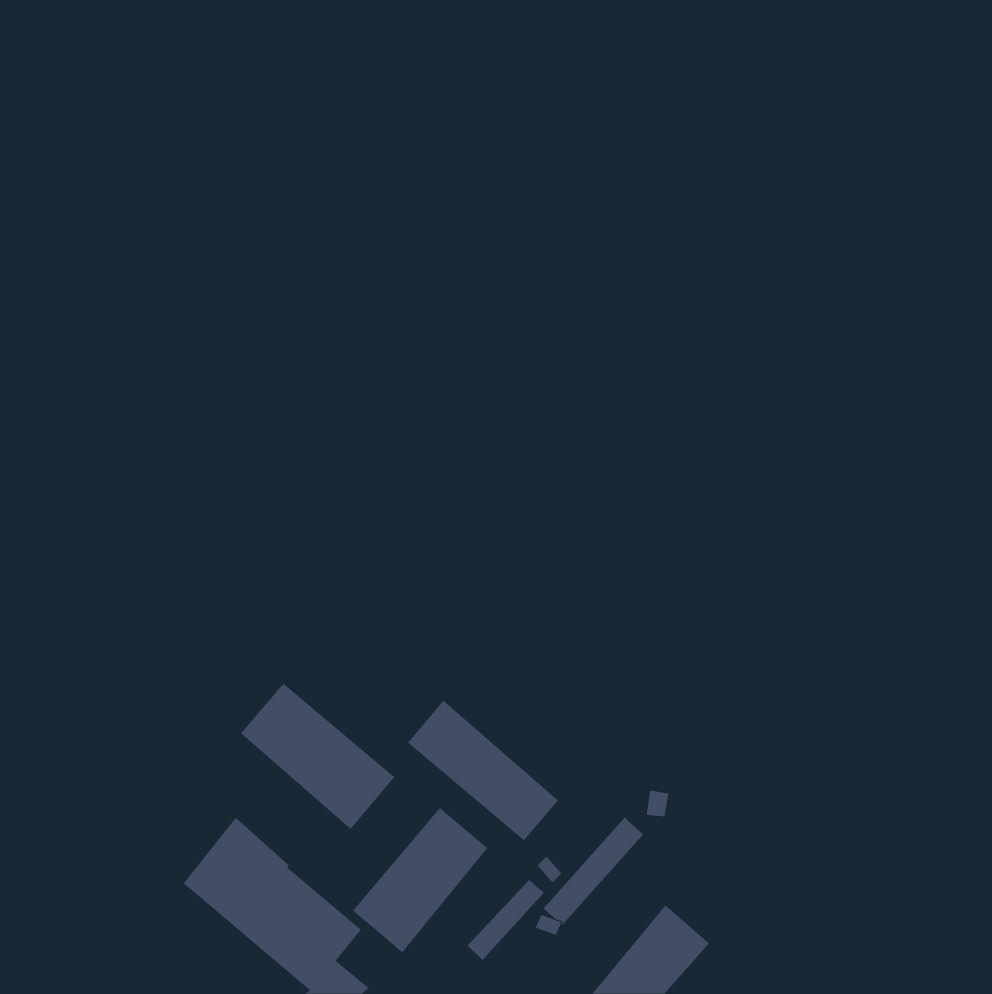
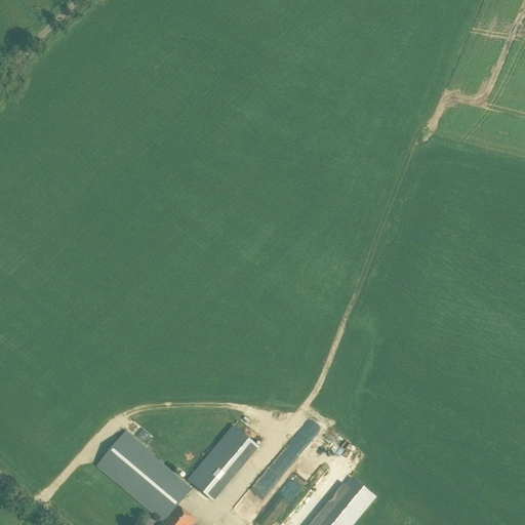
building: [240,683,395,830] -> none
building: [407,700,559,841] -> none

